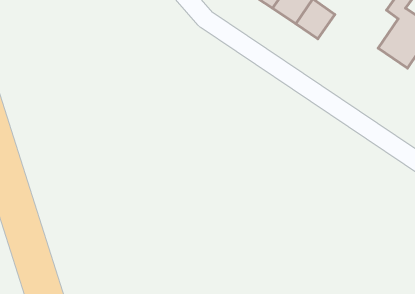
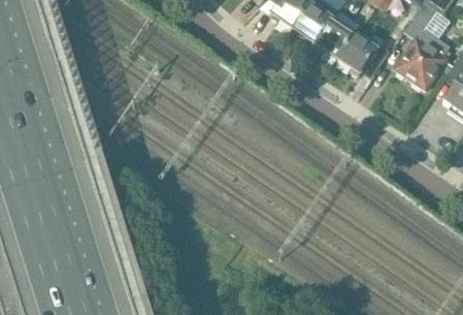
building: none -> [338,35,381,74]

